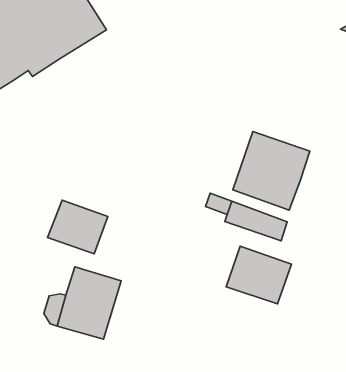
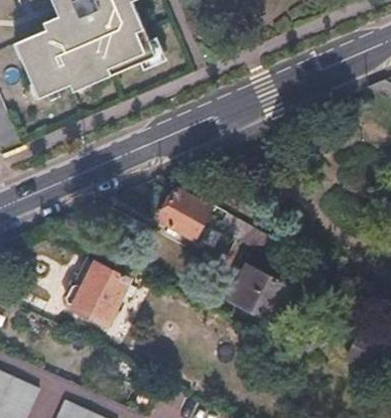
building: [233,131,310,210] -> none
building: [48,200,108,254] -> [157,188,214,241]

